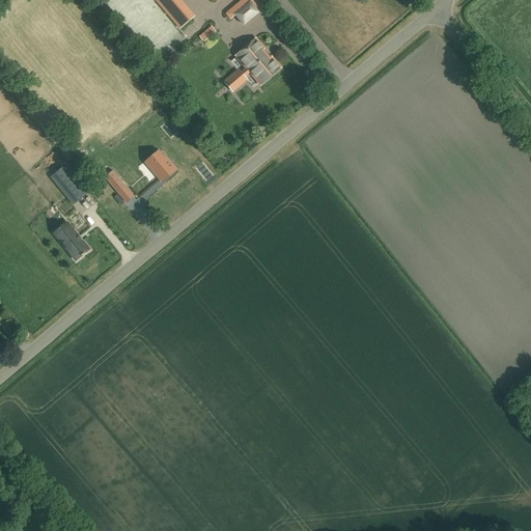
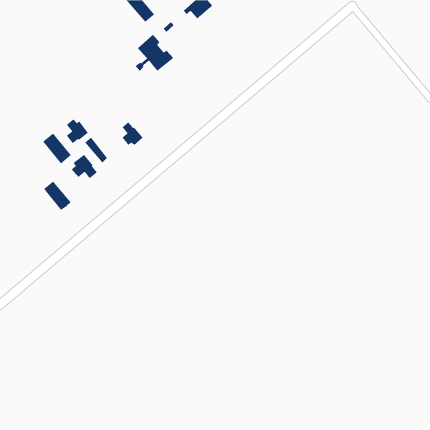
building: [231,37,280,84] -> [134,34,174,72]
building: none -> [66,118,89,144]
building: none -> [71,154,98,179]

